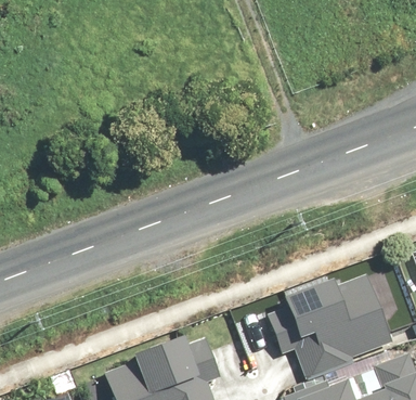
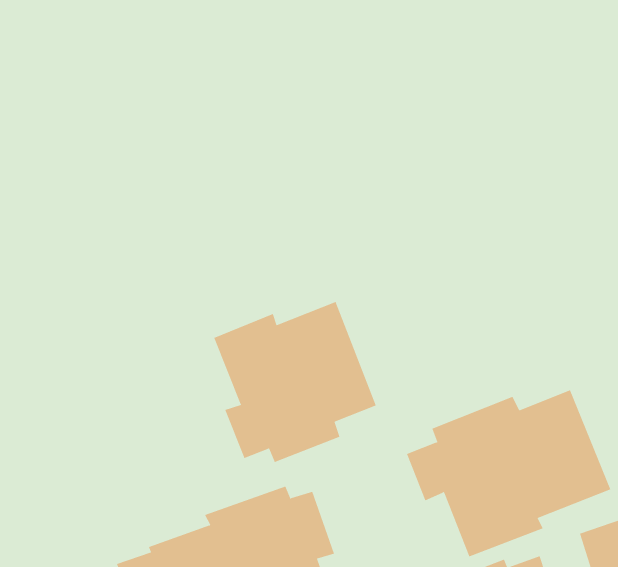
building: none -> [214,301,376,463]

